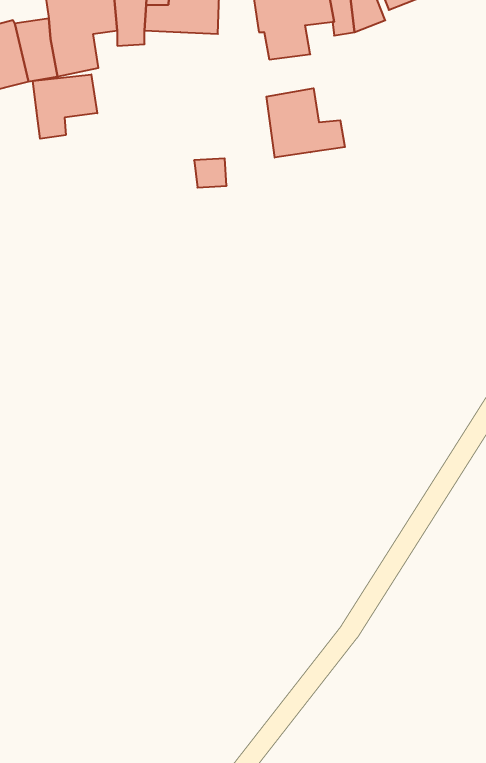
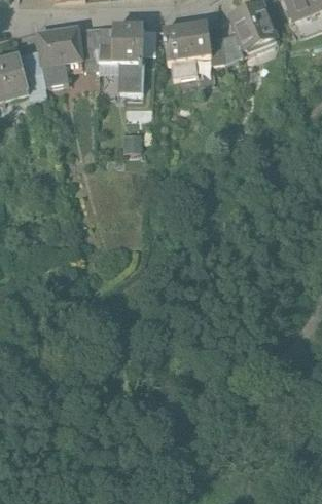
building: none -> [118,63,142,91]
building: [33,74,97,139] -> none
building: [266,88,345,158] -> none

